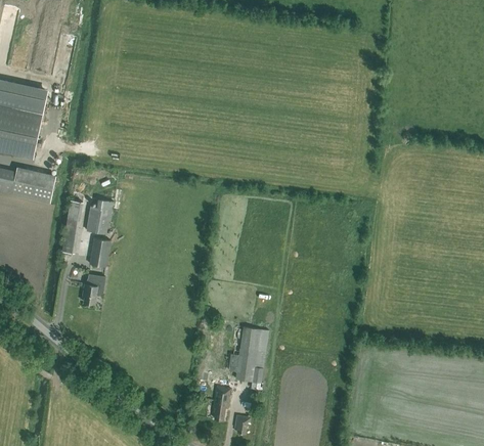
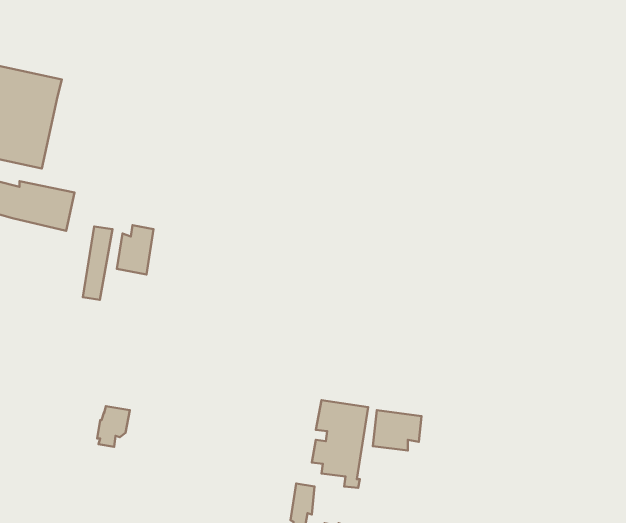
building: [90,237,108,266] -> none
building: [83,273,106,303] -> [97,406,130,447]
building: none -> [373,410,421,451]

